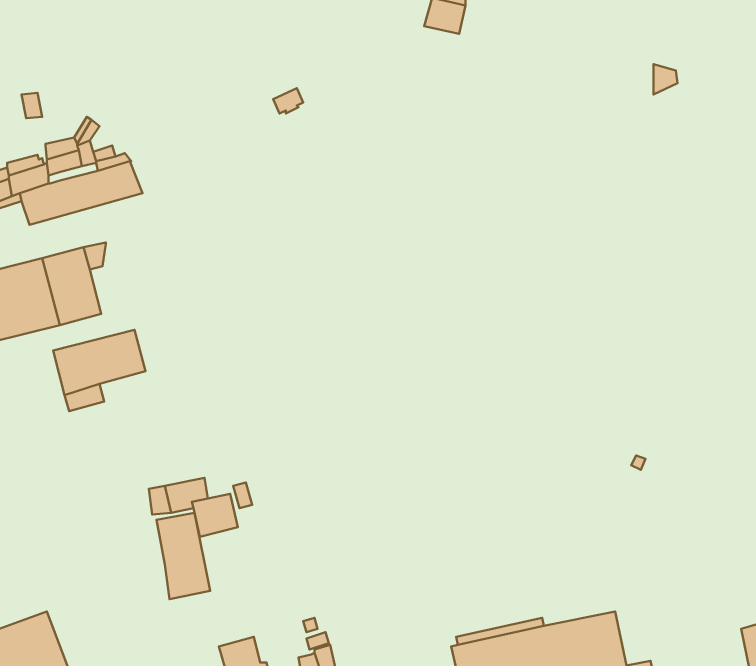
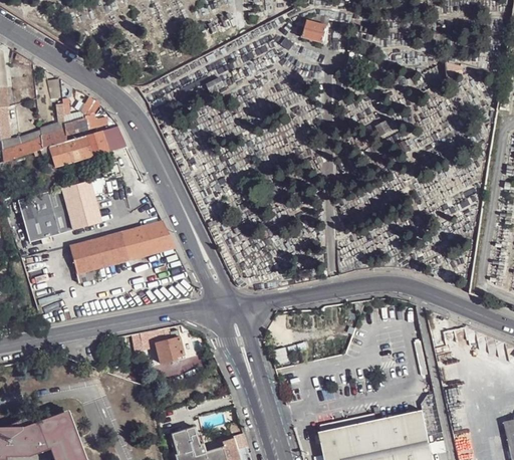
building: none -> [119,222,174,259]
building: [157,513,210,599] -> none

